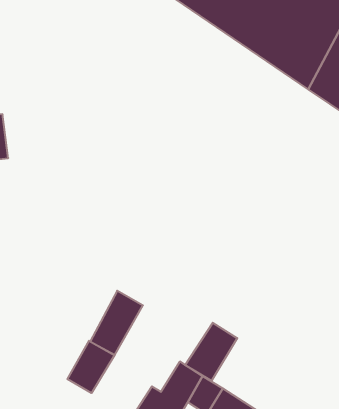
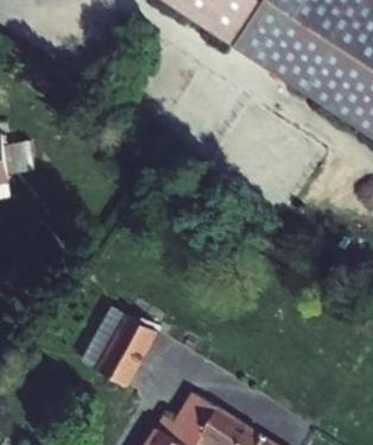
building: [185,323,237,381] -> none
building: [67,341,115,393] -> none

